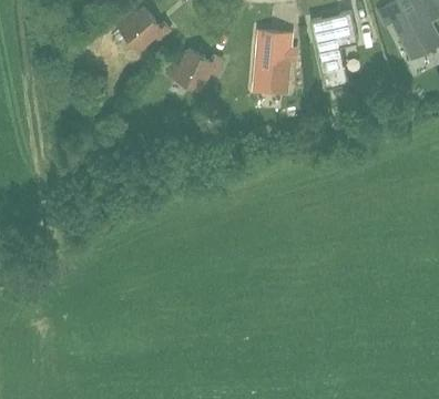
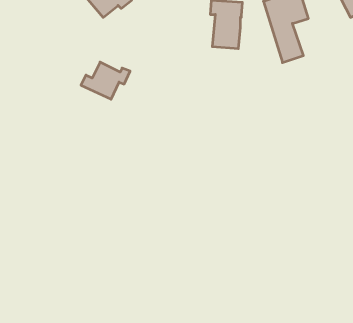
building: [165,50,220,91] -> [81,62,130,99]

